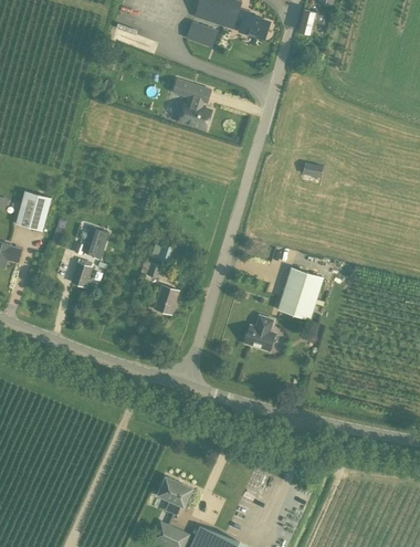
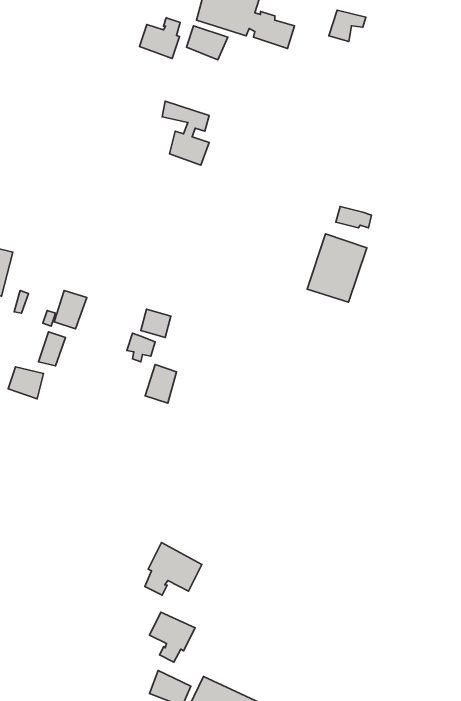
building: none -> [139,18,180,59]
building: [277,266,324,319] -> [307,234,367,302]
building: none -> [8,367,44,399]
building: [244,315,275,350] -> none
building: none -> [145,543,202,595]

